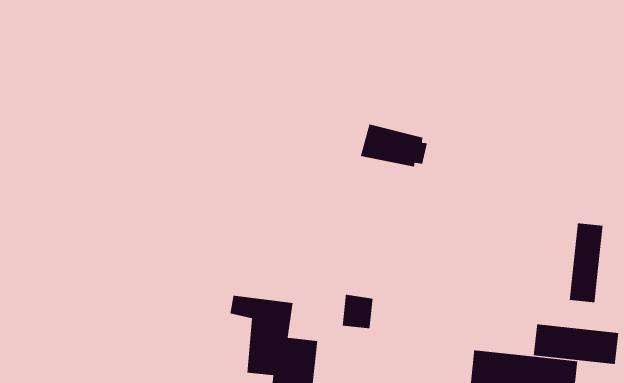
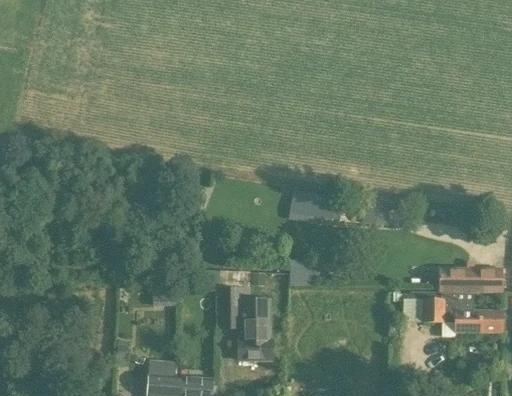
building: [360,123,428,168] -> [289,192,340,222]
building: [569,222,604,303] -> none

